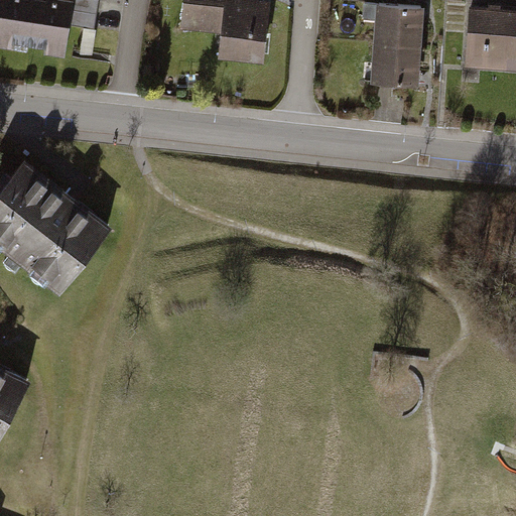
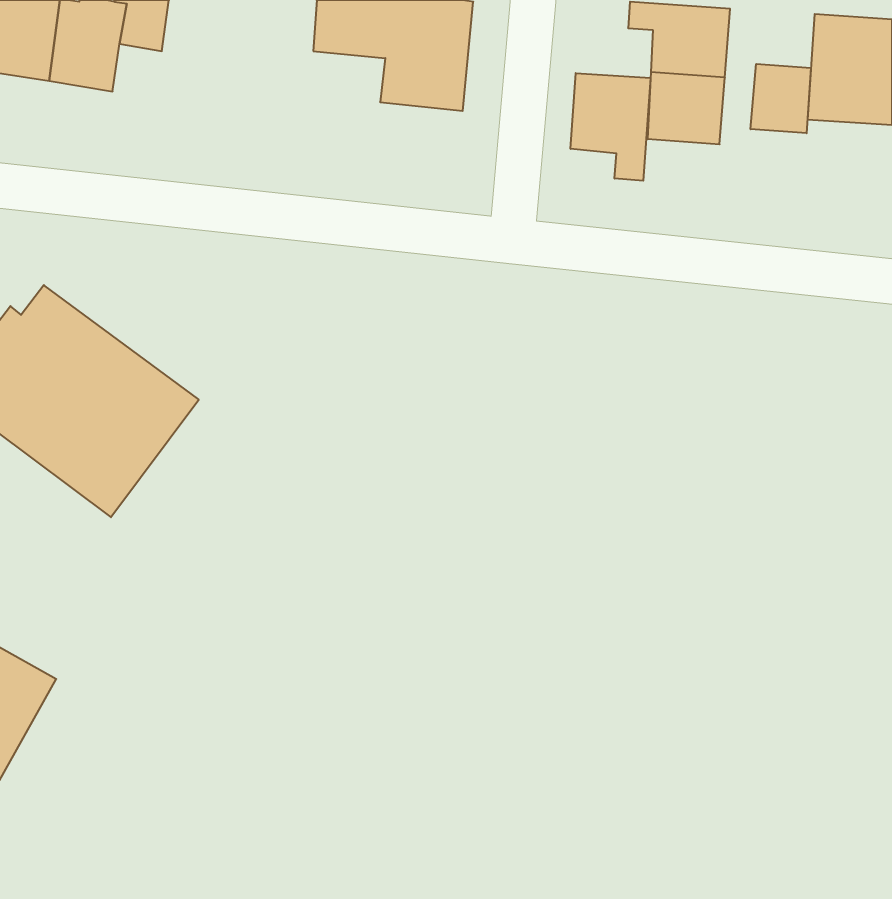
building: none -> [751,64,811,133]
building: none -> [571,73,651,181]

